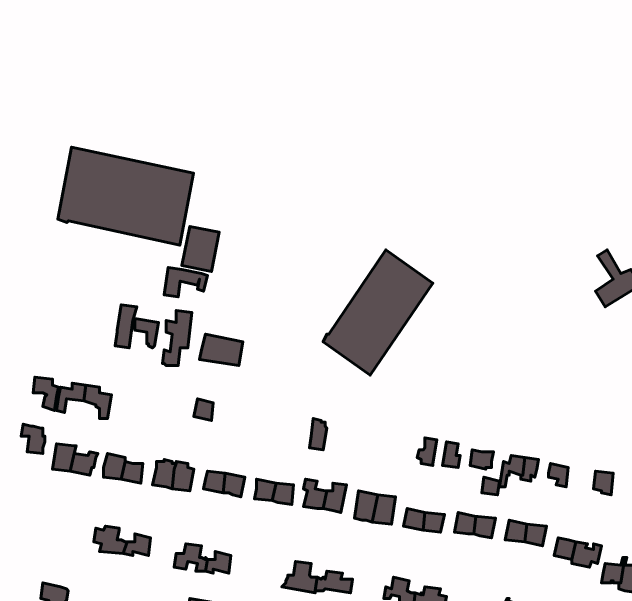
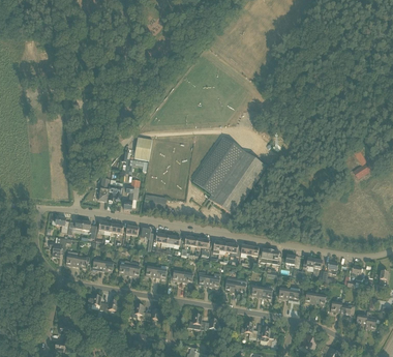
building: [58,147,194,245] -> none
building: none -> [192,136,241,192]

